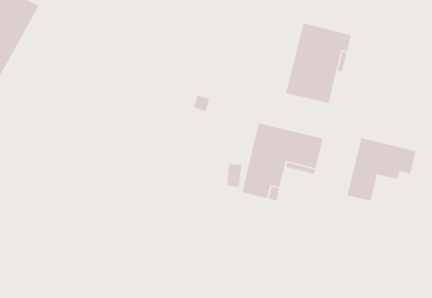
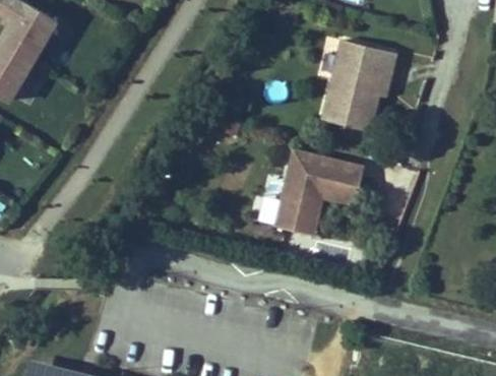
building: [347,137,416,202] -> none

